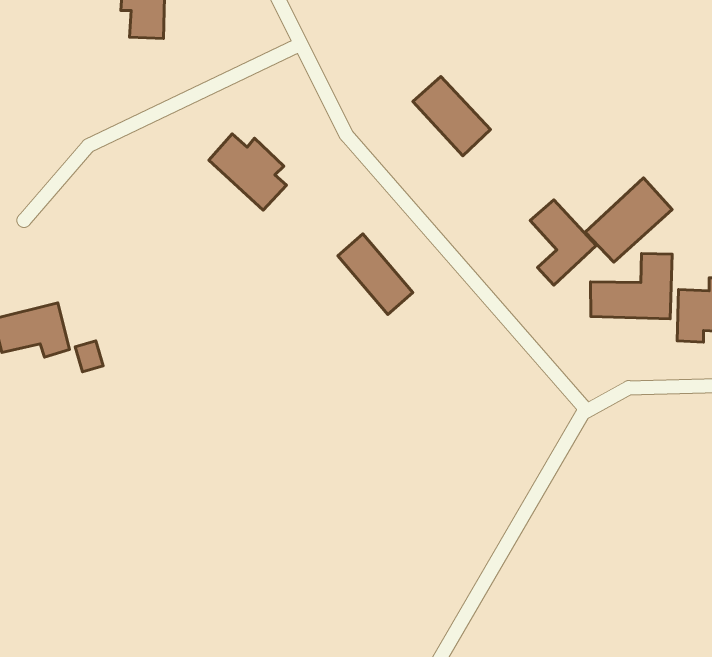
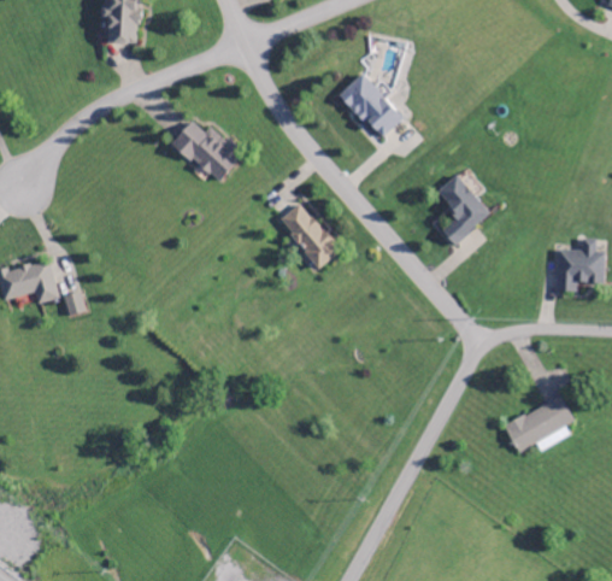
building: [585,178,672,262] -> none
building: [591,254,672,319] -> none
building: none -> [505,395,573,452]

